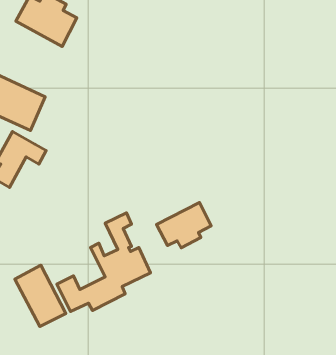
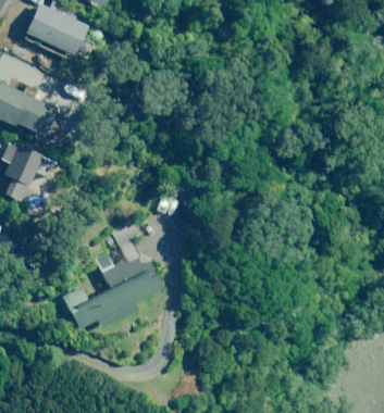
building: [157,202,211,248] -> none
building: [15,265,66,326] -> none

